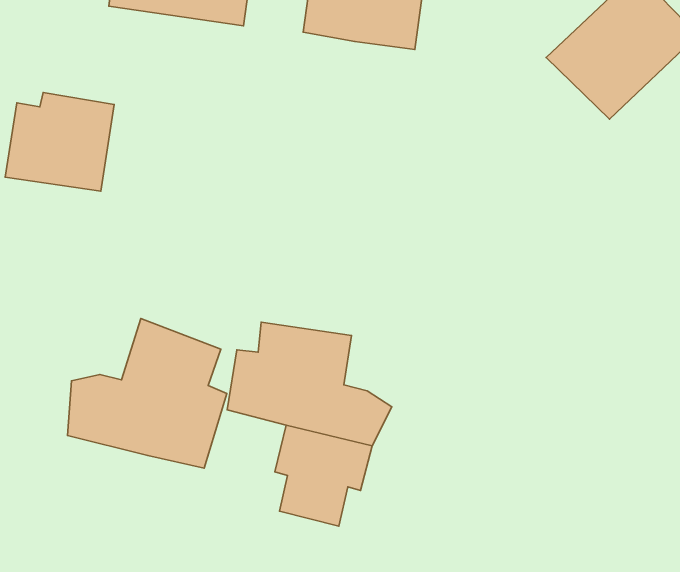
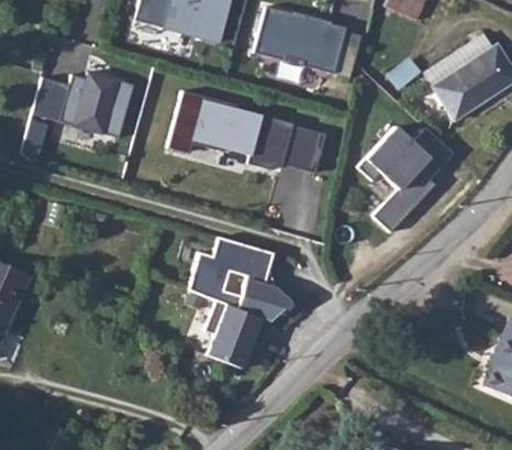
building: none -> [168,89,326,174]
building: none -> [364,127,460,233]
building: [67,319,227,468] -> none

